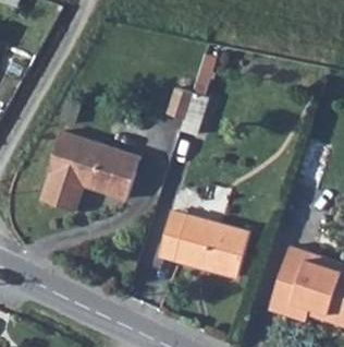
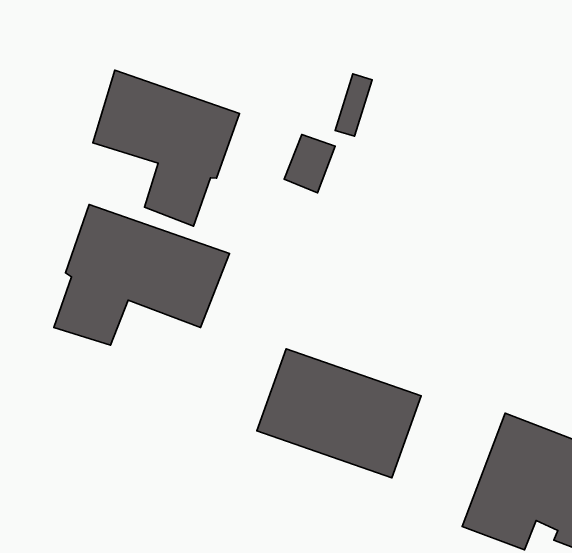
building: none -> [93,70,239,226]

